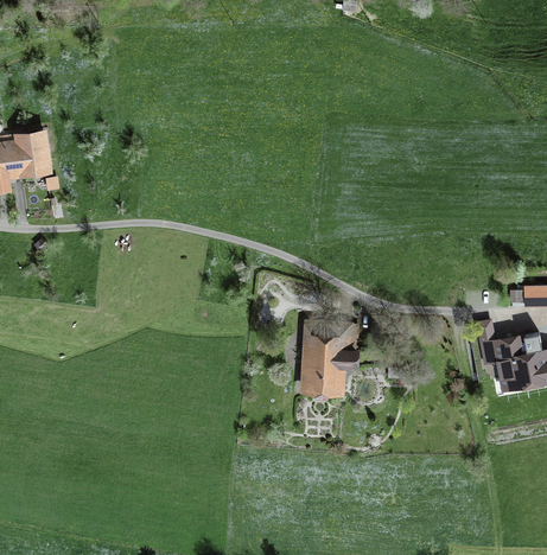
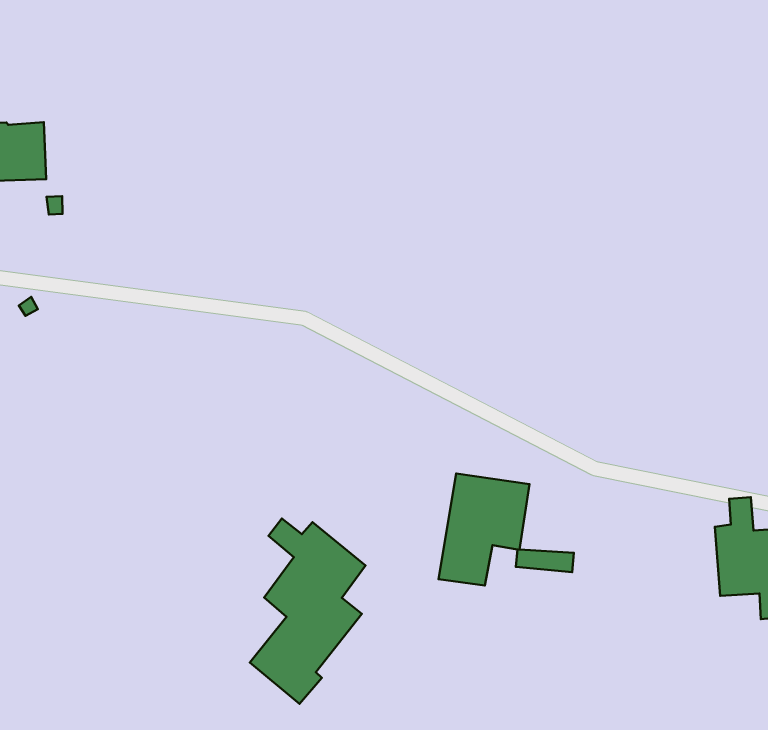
building: none -> [250,518,365,704]

